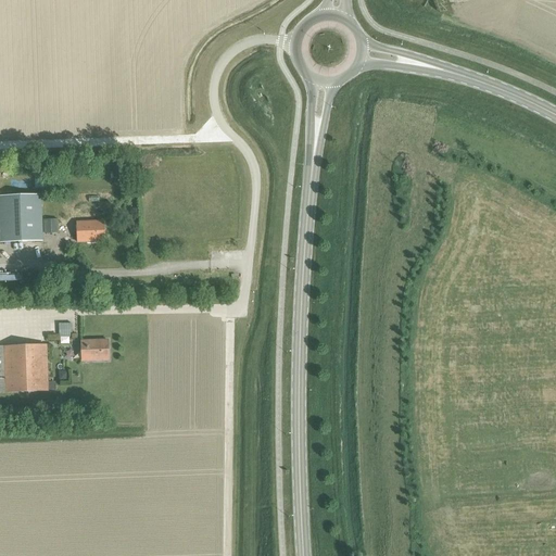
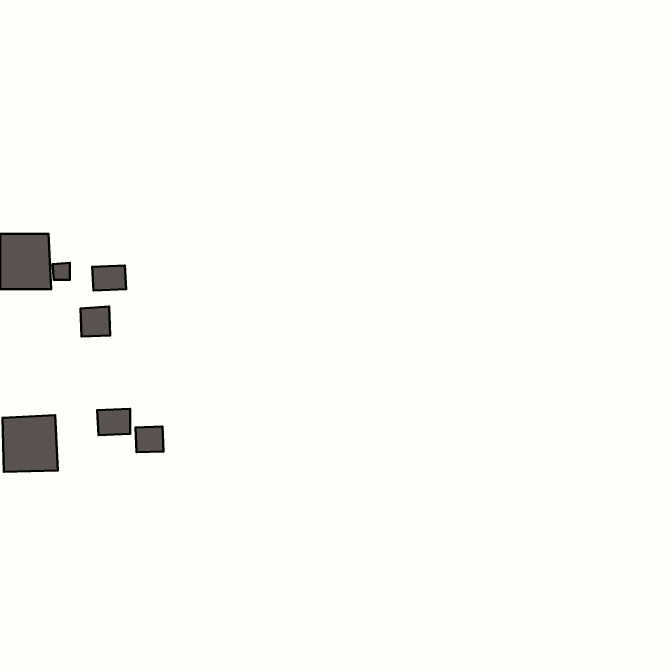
building: none -> [80,306,110,336]
building: none -> [135,427,164,452]

